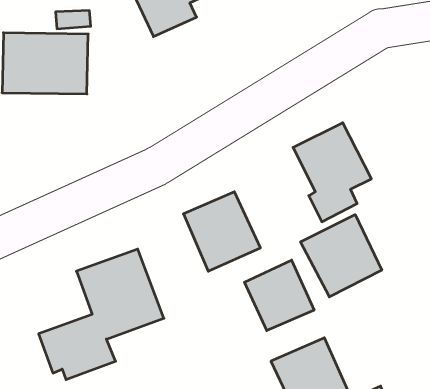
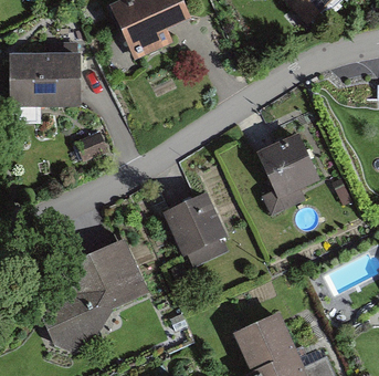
building: [301,215,382,297] -> none
building: [244,260,314,331] -> none

